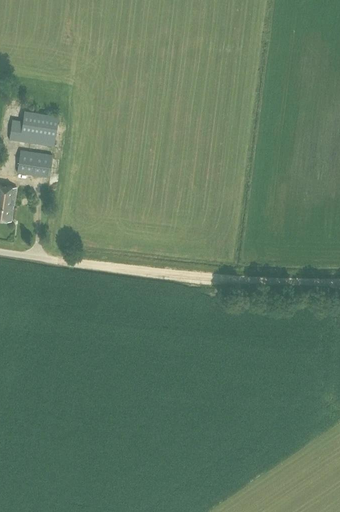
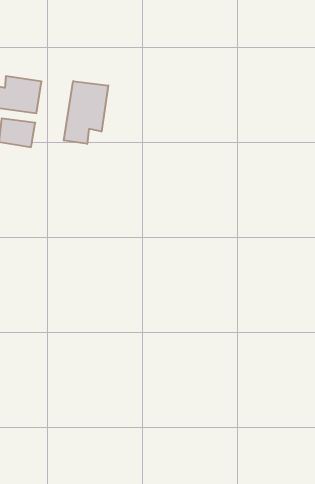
building: none -> [64,81,108,144]

